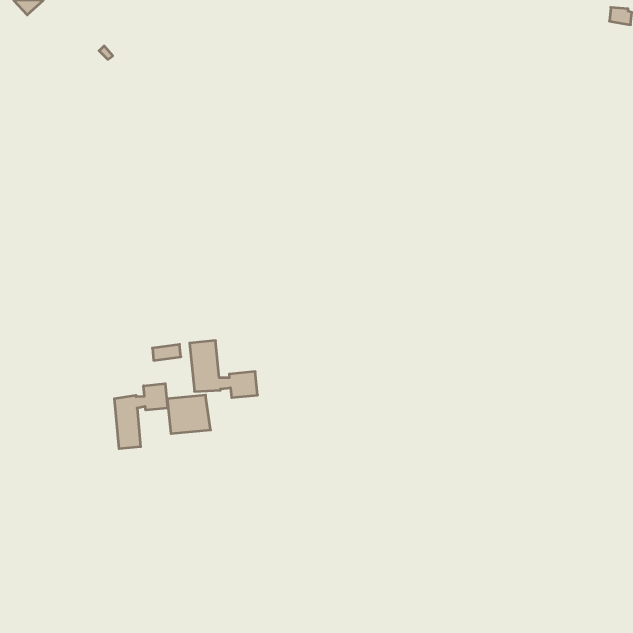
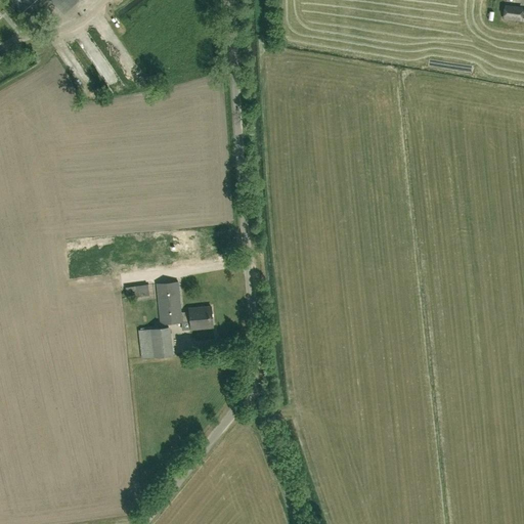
building: [114,384,167,449] -> none

